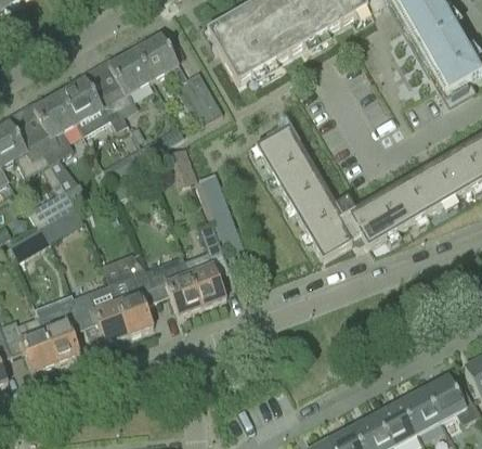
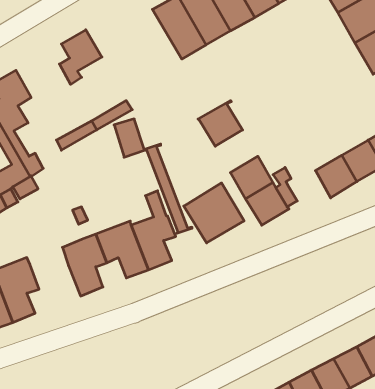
building: [135,34,223,125] -> none
building: [61,77,126,132] -> none
building: [274,156,320,202] -> none
building: [352,200,398,245] -> none
building: none -> [184,183,244,243]
building: [76,282,130,344] -> none

